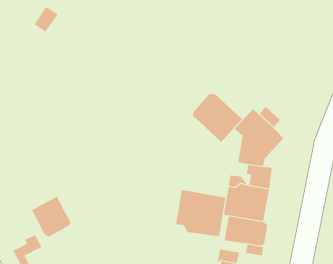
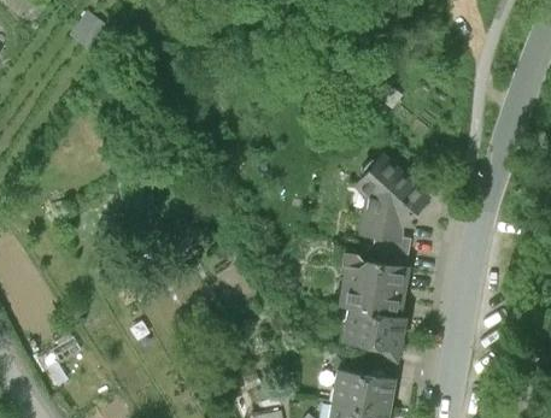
building: [193,93,243,143] -> none
building: [176,189,226,237] -> none
building: [31,196,71,237] -> none

